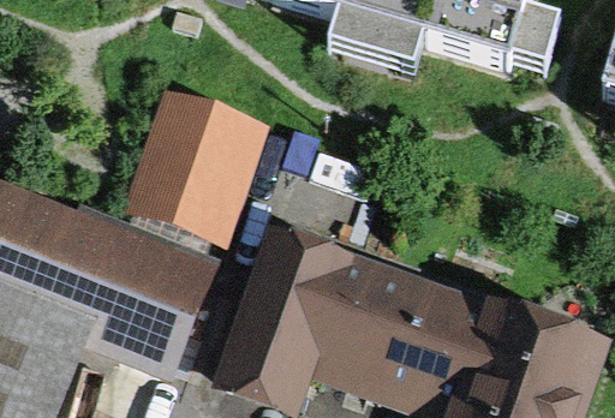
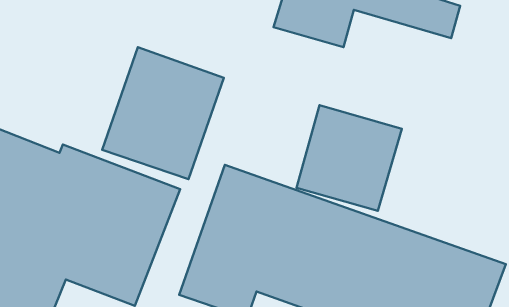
building: none -> [296,105,402,211]

